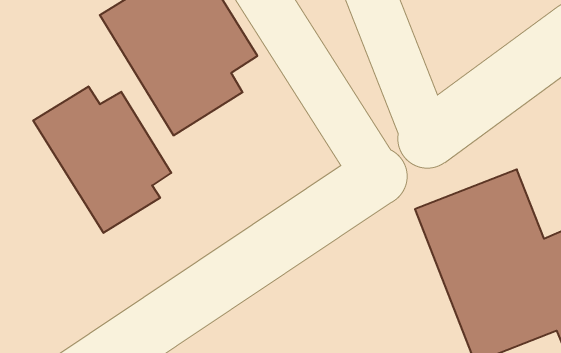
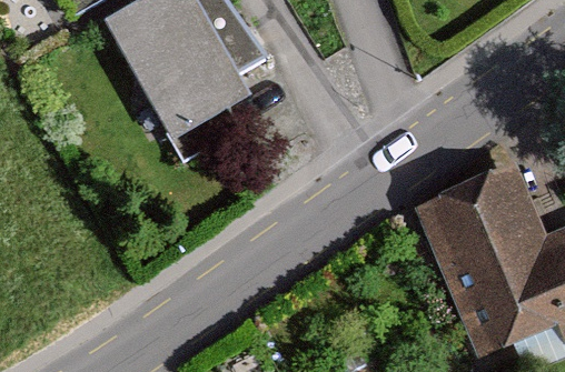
building: [33,86,171,233] -> none

